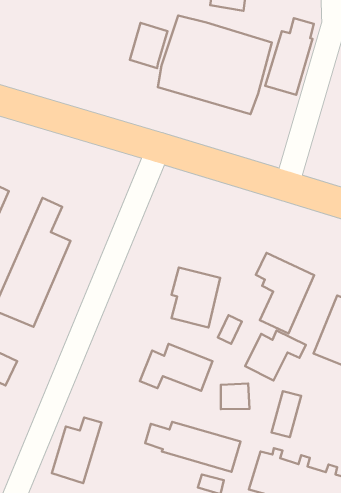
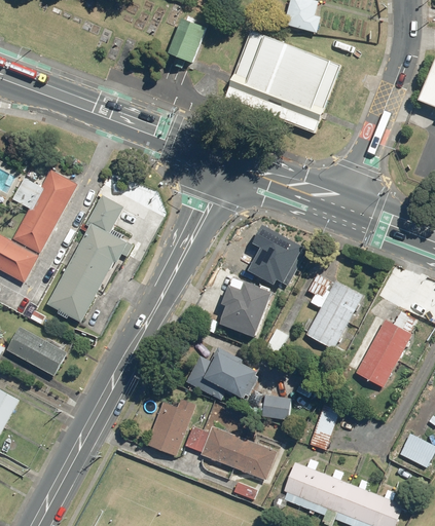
building: [265,18,314,95] -> none
building: [130,23,168,68] -> [166,17,205,63]
building: none -> [246,225,302,284]
building: [245,330,306,380] -> none
building: [52,417,101,483] -> [144,392,196,456]

